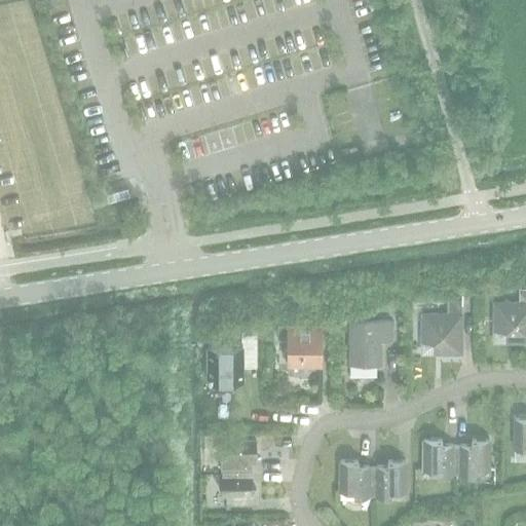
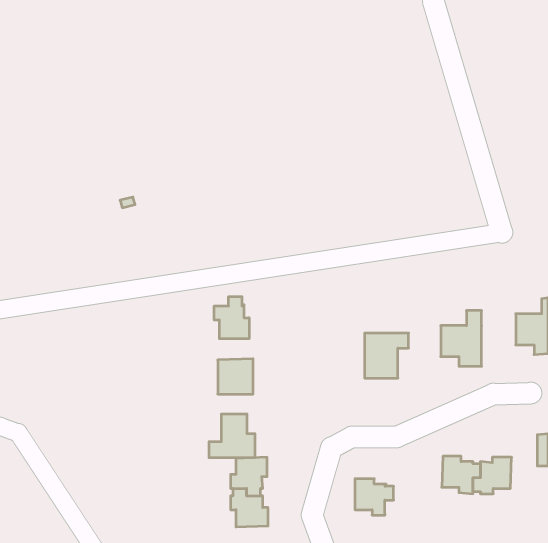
building: none -> [214,297,249,339]
building: [288,328,322,368] -> none
building: none -> [209,414,255,458]
building: [369,463,406,498] -> none

